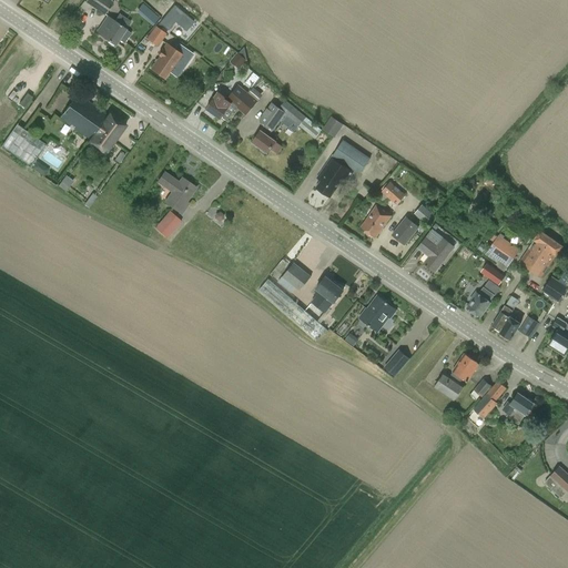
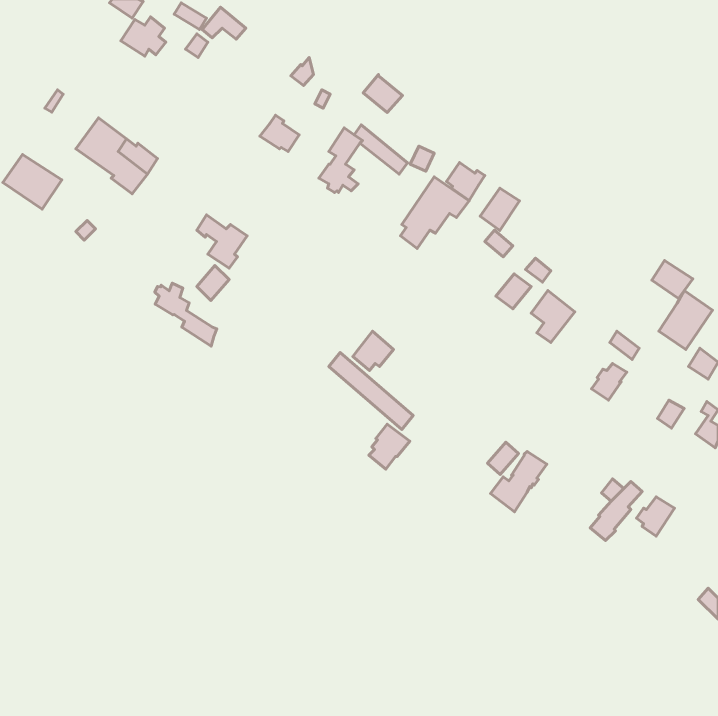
building: [150,42,193,78] -> none
building: [226,84,257,114] -> [363,75,402,112]
building: none -> [447,163,485,201]
building: [361,203,392,236] -> [480,188,520,230]
building: none -> [155,283,217,346]
building: [488,235,520,265] -> [652,261,693,298]
building: [312,276,344,312] -> [369,424,410,469]
building: [358,295,396,331] -> none
building: [491,295,521,338] -> none
building: [435,353,479,400] -> [491,451,547,512]

